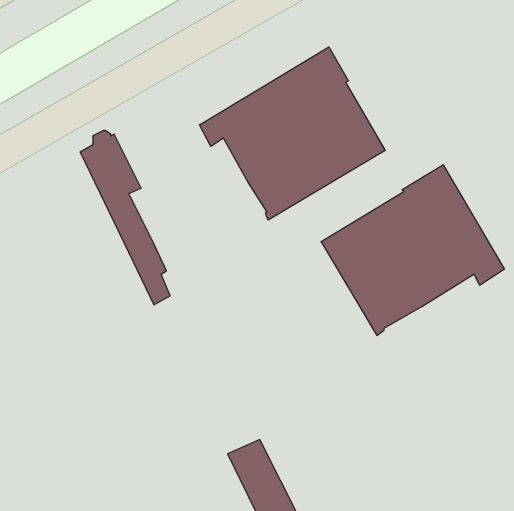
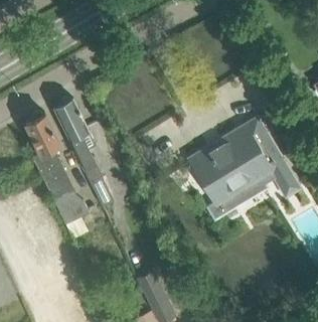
building: [199,47,385,220] -> none
building: none -> [26,112,89,224]

